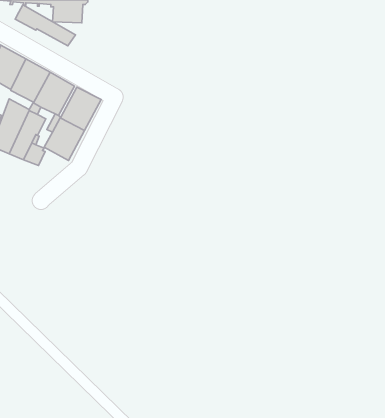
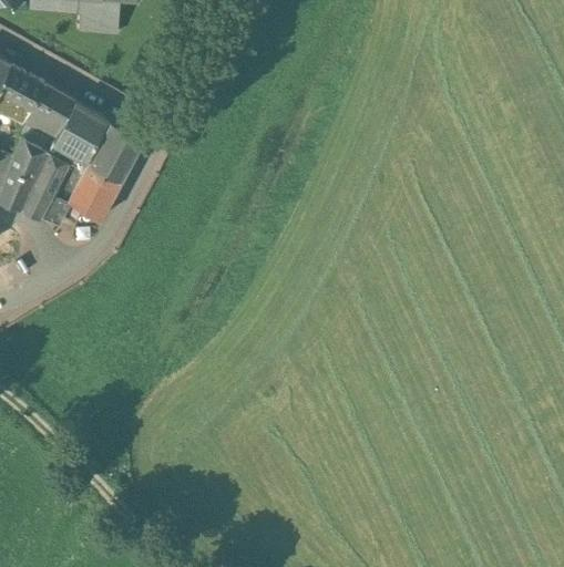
building: [15,5,75,46] -> none

